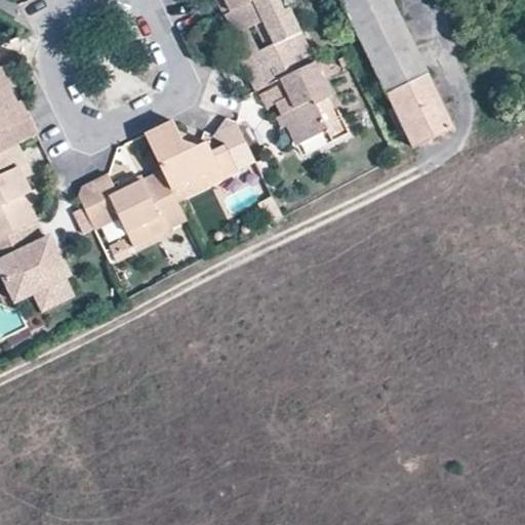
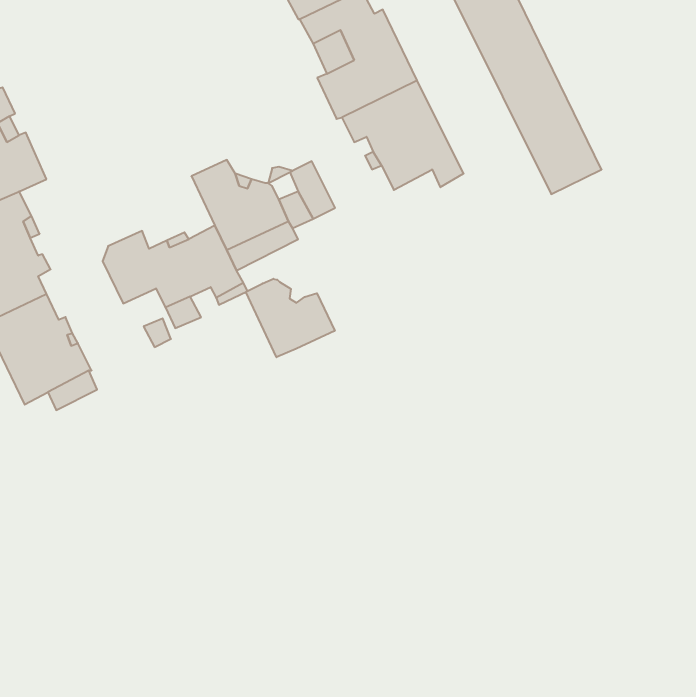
building: none -> [246,279,335,357]

